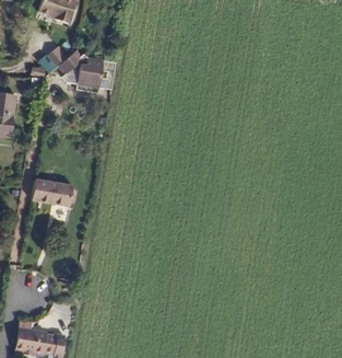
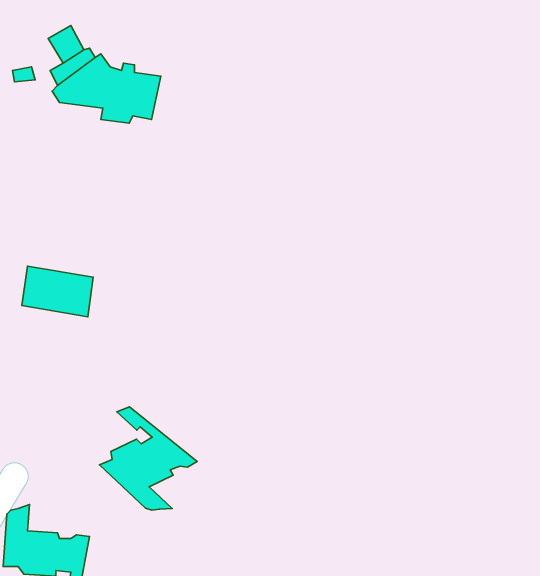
building: none -> [99,407,197,510]

